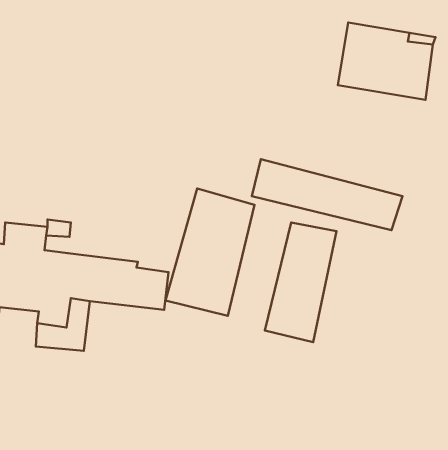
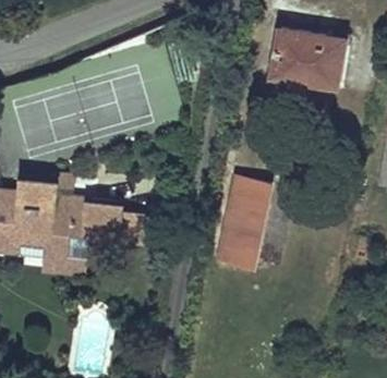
building: [252,159,403,230] -> none
building: [166,189,255,316] -> none

